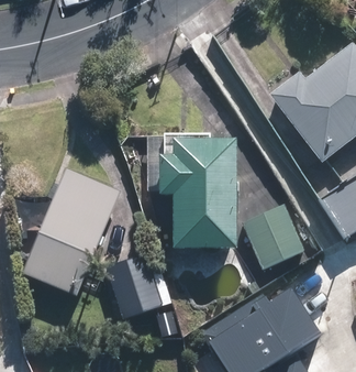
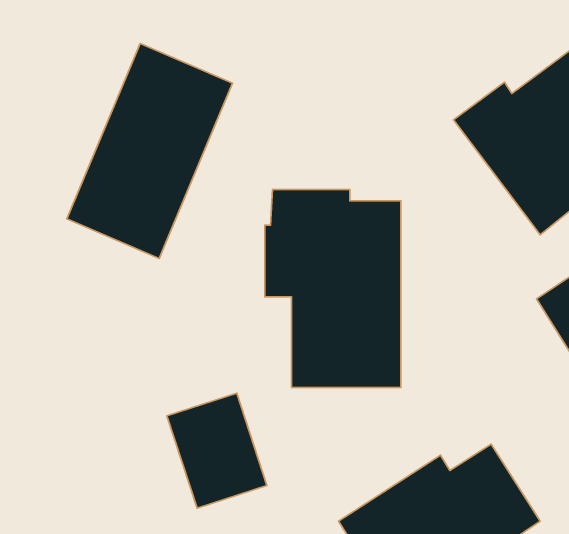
building: [22,173,119,298] -> [67,43,233,258]
building: [240,208,303,274] -> none

